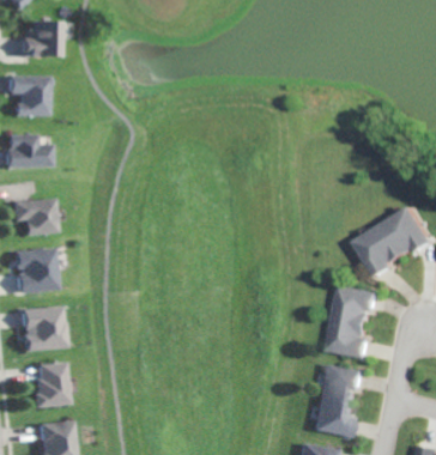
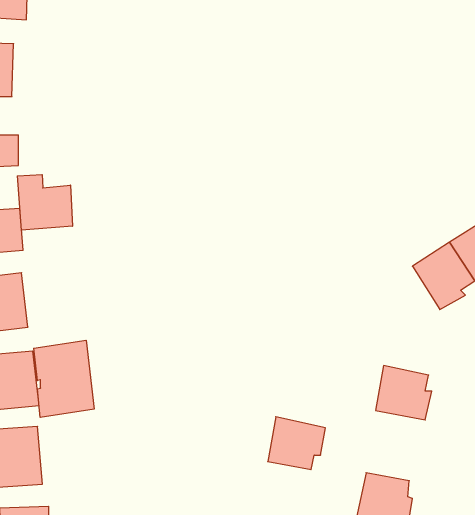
building: none -> [17,175,72,230]
building: [328,284,373,323] -> none
building: none -> [34,340,94,417]
building: [315,363,358,402] -> [268,417,325,470]

